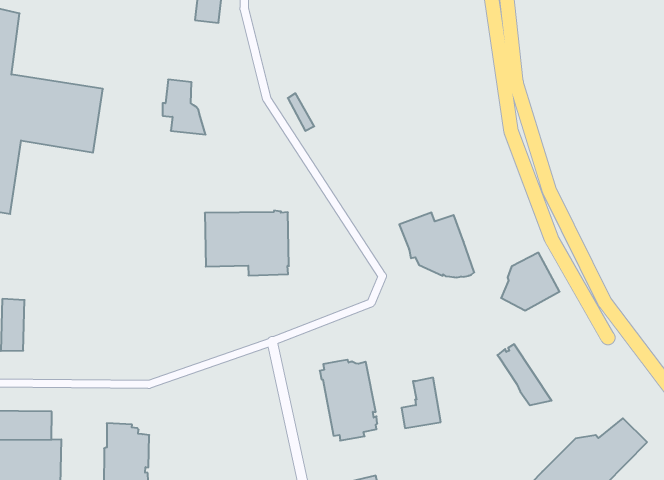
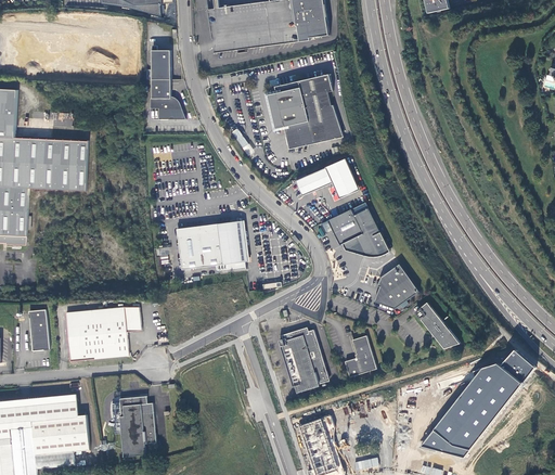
building: none -> [270,73,343,147]
building: [163,80,206,135] -> [150,79,185,118]
building: none -> [295,157,358,197]
building: [501,253,560,310] -> [373,262,417,308]
building: none -> [66,306,140,360]

